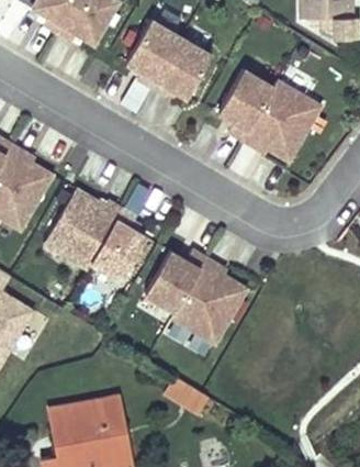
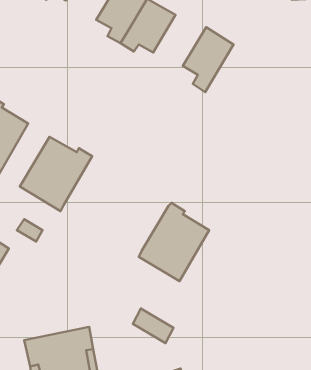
building: [244,81,322,162] -> none
building: [91,210,147,280] -> none
building: [146,252,207,312] -> none

